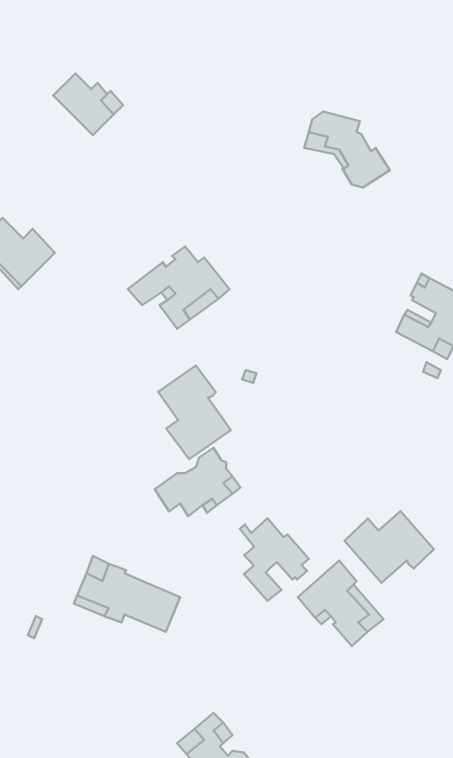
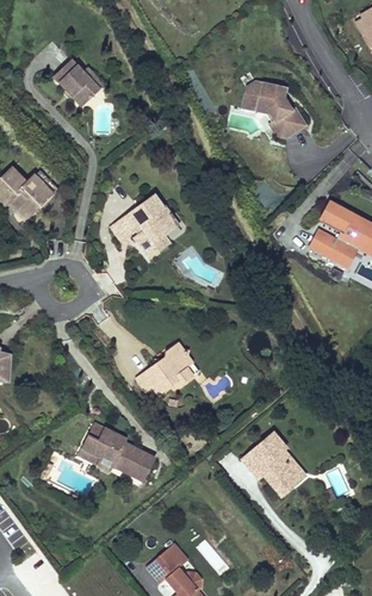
building: [158,366,231,459] -> none
building: [344,511,434,583] -> none
building: [240,518,309,601] -> none

